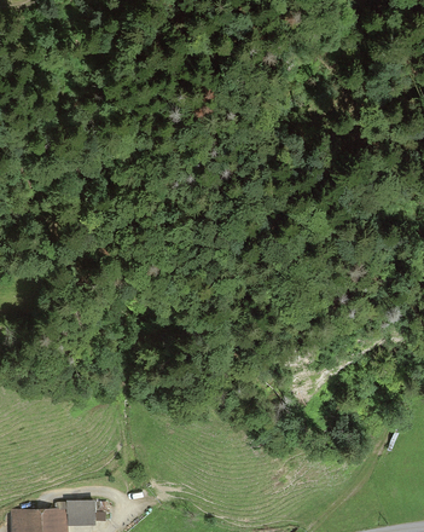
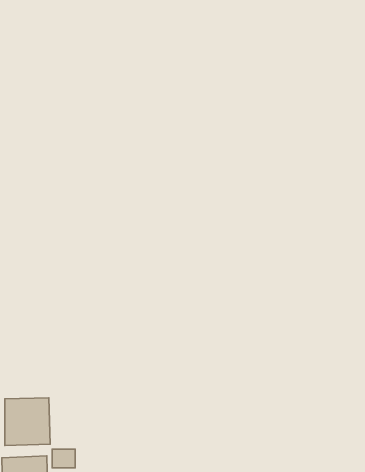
building: none -> [5,398,50,445]

